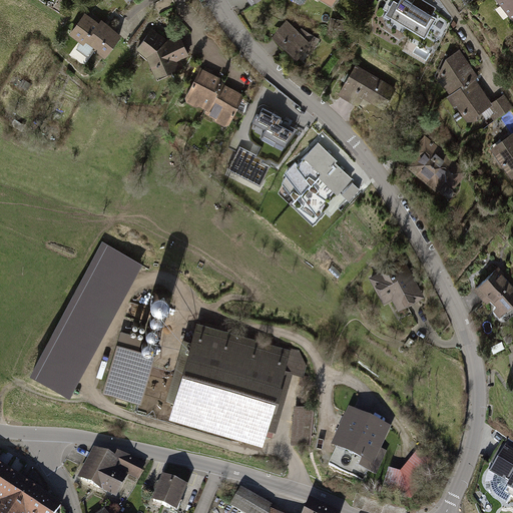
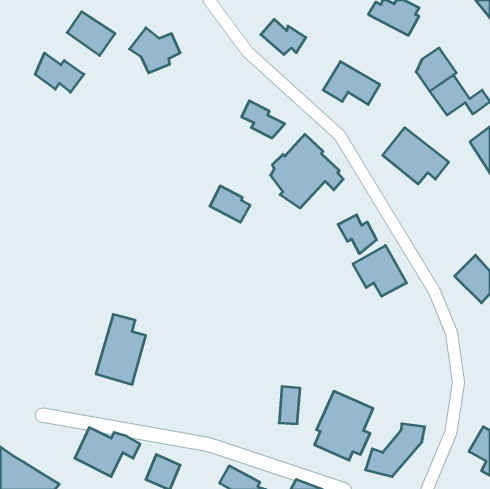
building: none -> [35,53,84,92]
building: [185,69,241,126] -> none
building: [228,148,271,186] -> [210,186,250,222]
building: none -> [338,215,377,254]
building: [28,240,141,394] -> none
building: [168,322,307,446] -> none

